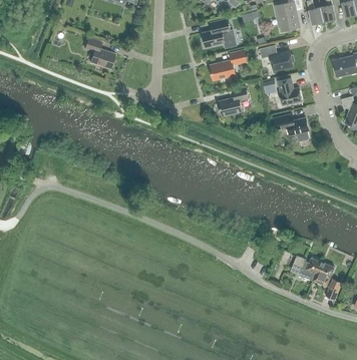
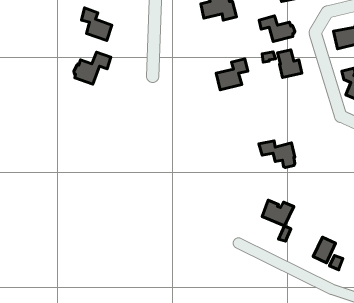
building: [210,50,247,80] -> none
building: none -> [74,52,111,84]
building: [274,115,309,141] -> [259,141,295,167]
building: [291,256,322,281] -> [262,200,294,226]

